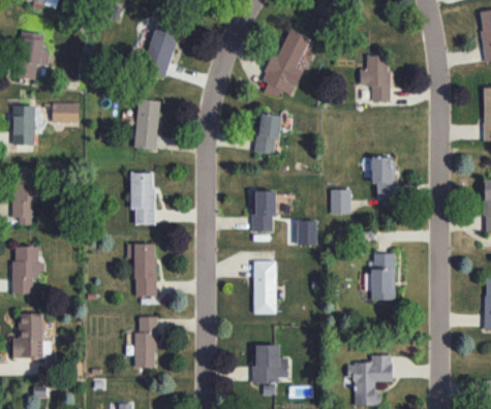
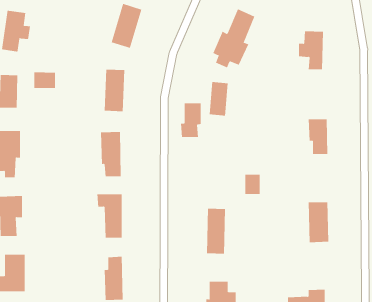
building: [330,189,350,214] -> none
building: [251,191,276,231] -> [180,103,202,137]

